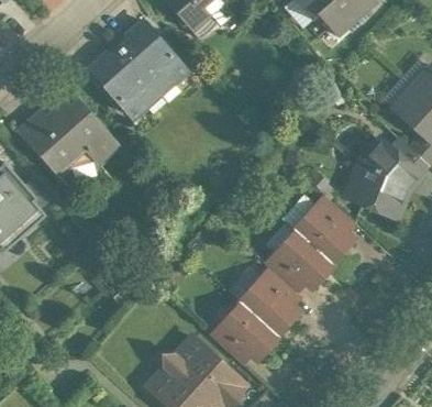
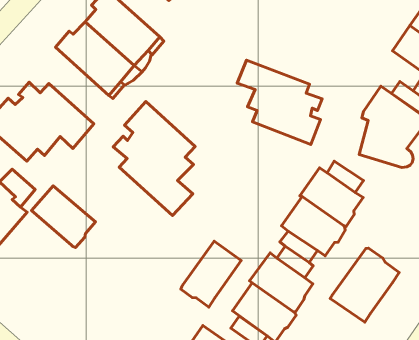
building: none -> [237,60,322,145]
building: none -> [113,101,195,215]
building: none -> [31,186,96,247]
building: none -> [181,241,241,307]
building: none -> [330,248,399,322]

